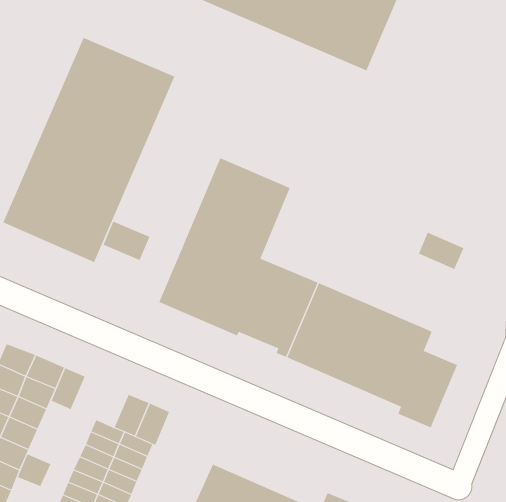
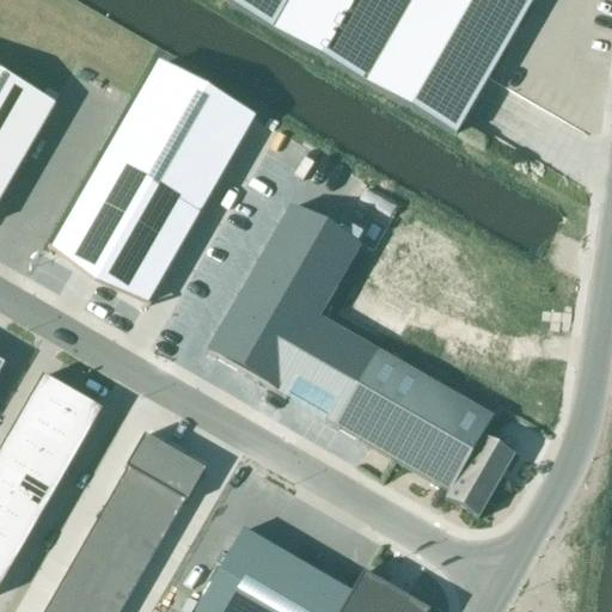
building: [103,221,150,261] -> none
building: [418,232,464,270] -> none
building: [51,368,85,410] -> [126,430,165,476]
building: [17,453,51,487] -> none

